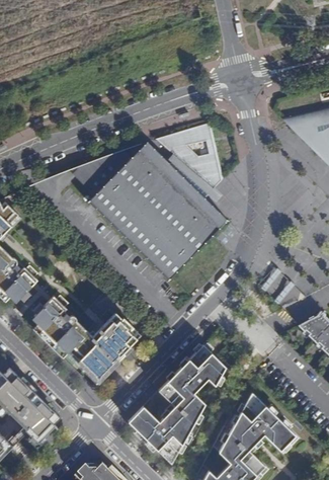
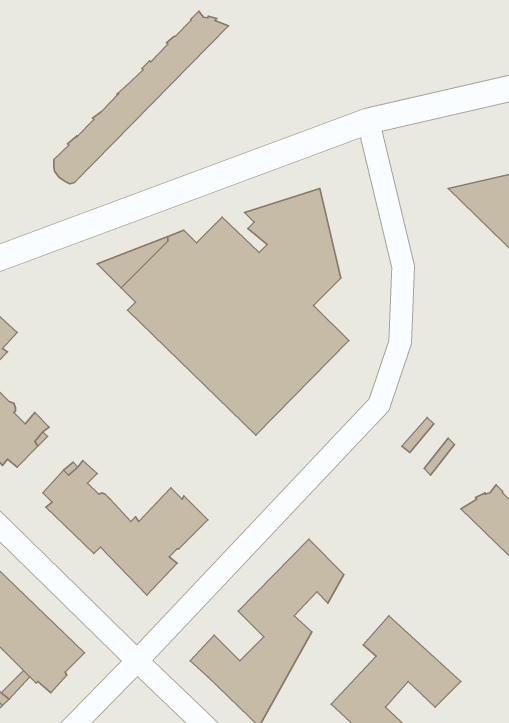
building: none -> [54,11,229,184]

